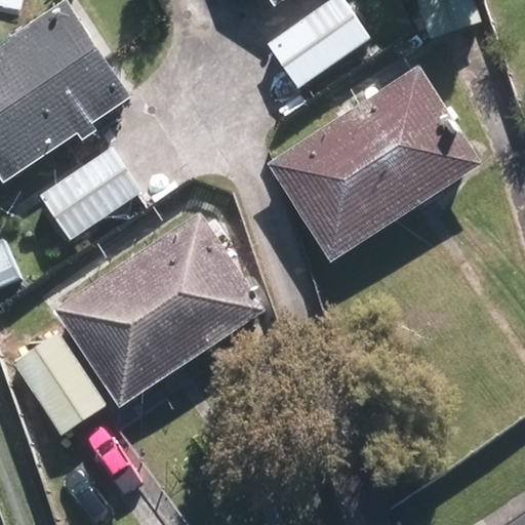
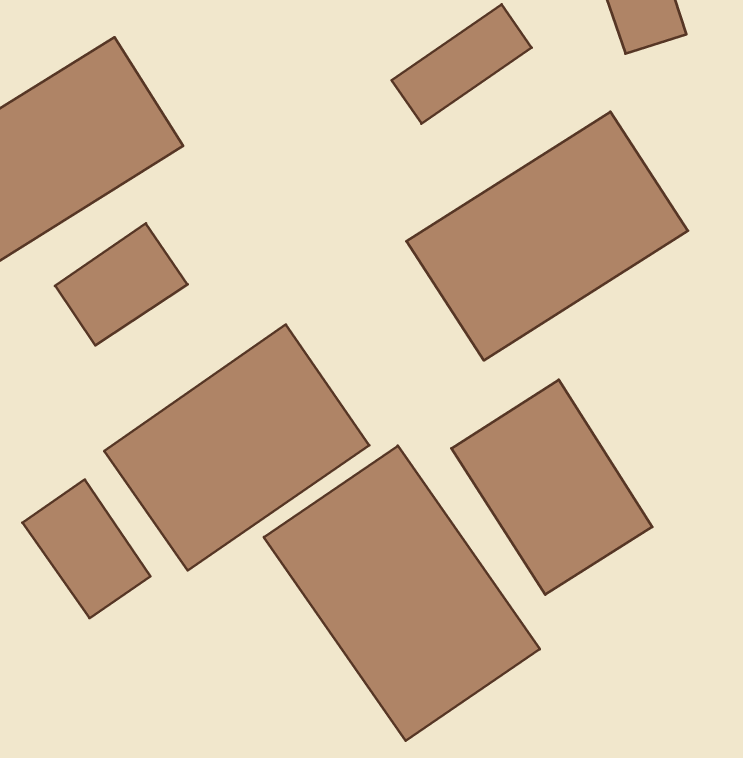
building: none -> [451,380,652,595]
building: none -> [264,446,540,741]

